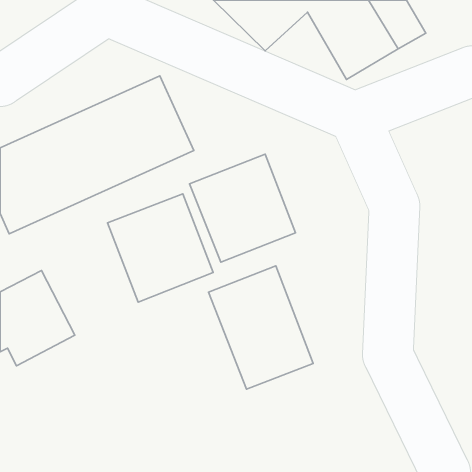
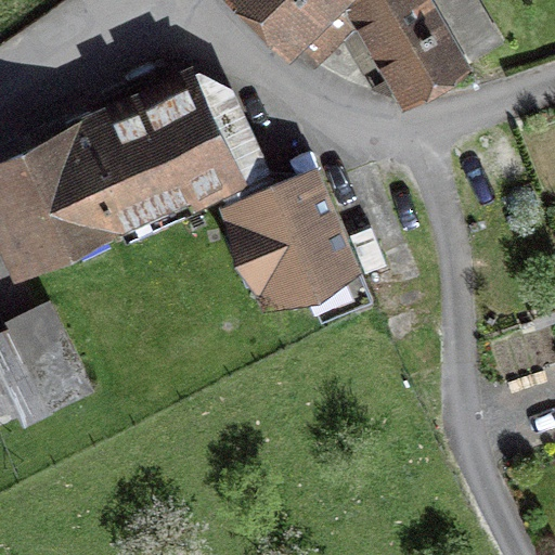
building: [107,194,213,302] -> none
building: [209,266,313,389] -> none

